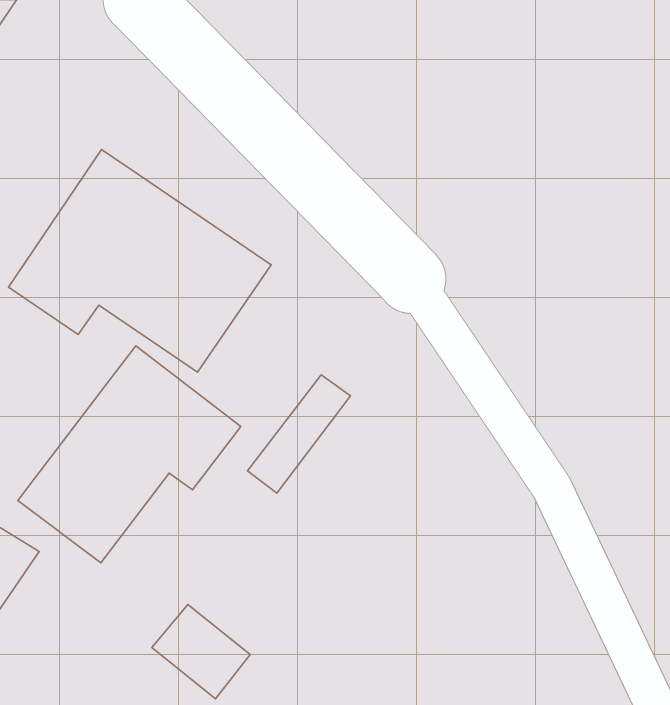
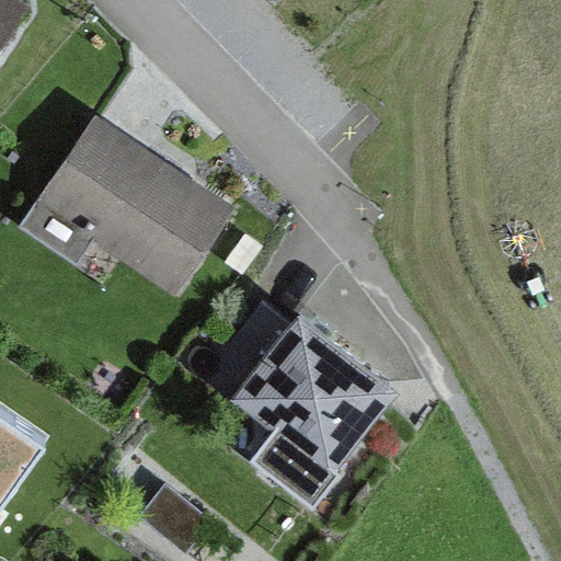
building: [18,346,241,563] -> none
building: none -> [229,321,390,515]

